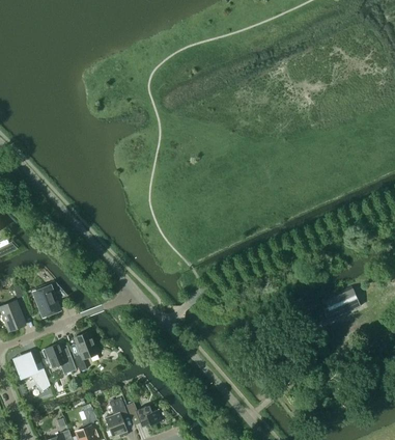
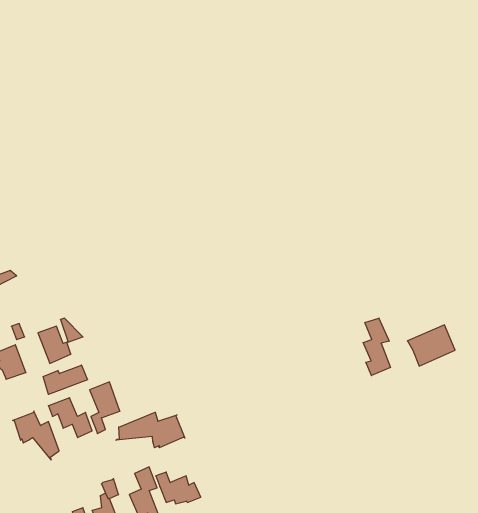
building: none -> [363,318,391,376]
building: none -> [43,365,88,394]
building: none -> [116,412,185,448]

